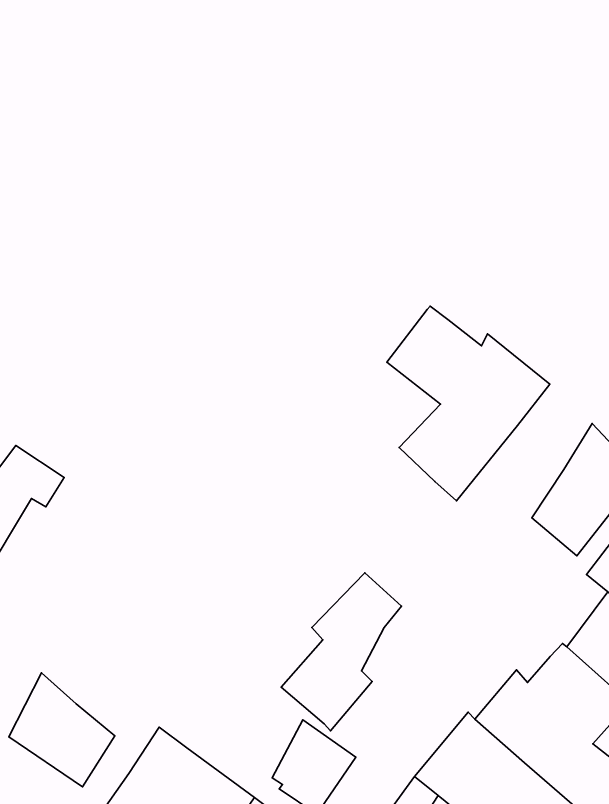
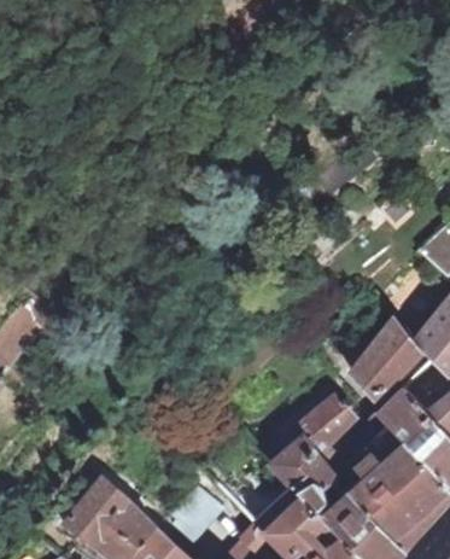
building: [387,306,550,501] -> none
building: [281,573,401,731] -> [273,398,352,494]
building: [9,673,115,787] -> none

